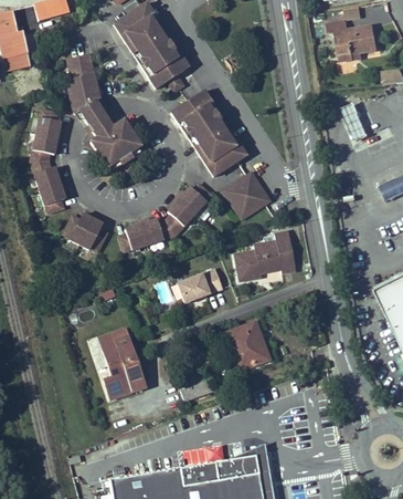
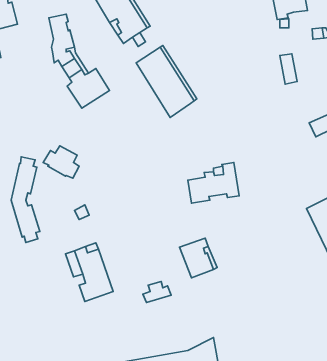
building: [30,108,64,211] -> [11,157,40,243]
building: [221,168,273,220] -> none
building: [117,185,210,252] -> none
building: [178,270,223,304] -> none

